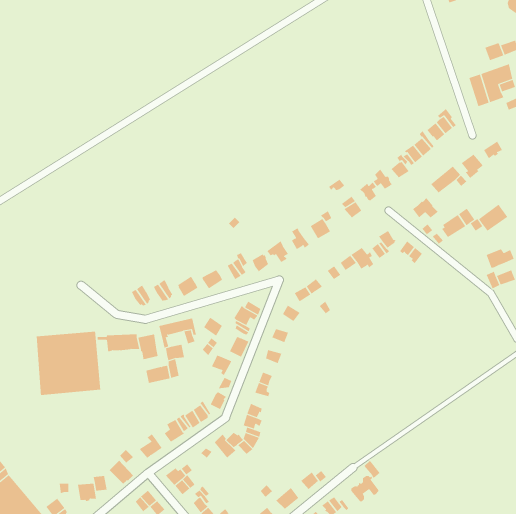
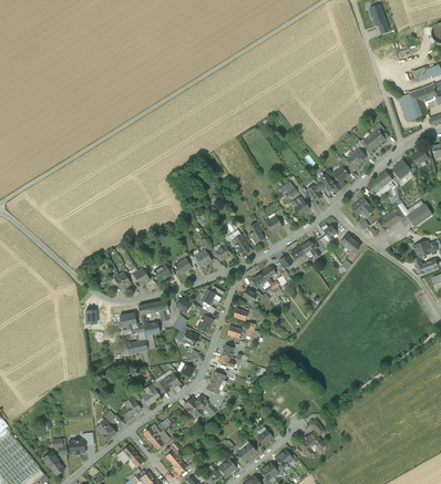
building: [36,331,101,396] -> none

